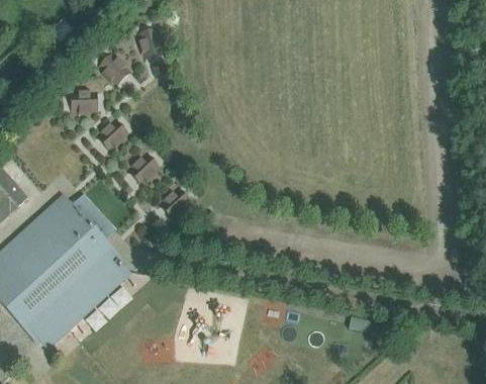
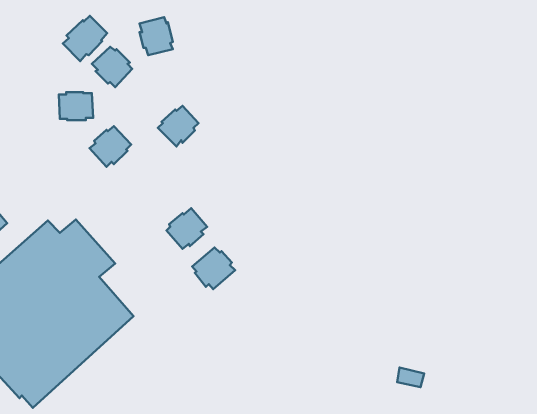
building: none -> [63,16,107,61]
building: [126,152,160,185] -> [158,106,198,146]
building: none -> [192,247,235,289]

